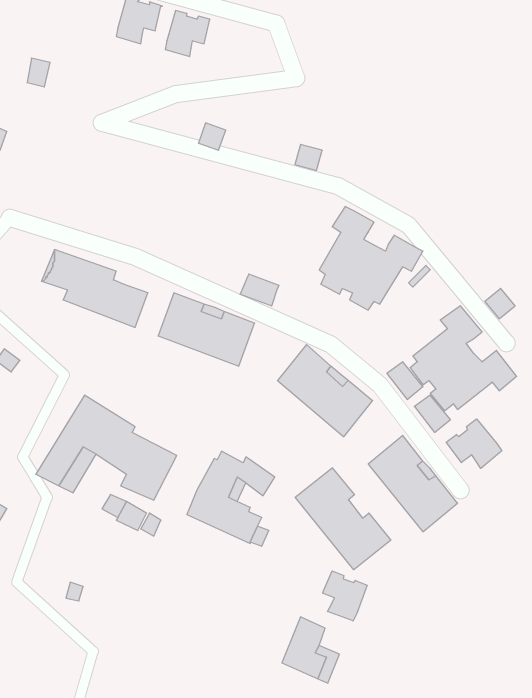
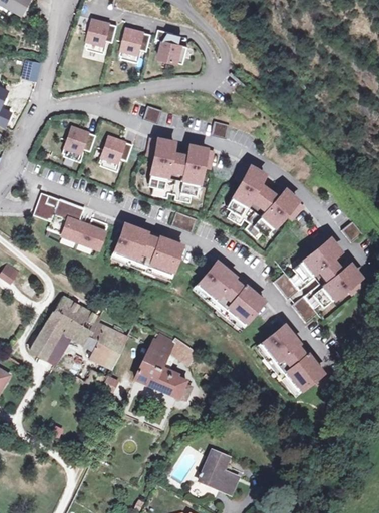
building: none -> [155,29,186,63]
building: none -> [62,126,95,158]
building: none -> [98,136,131,167]
building: none -> [147,138,214,202]
building: [446,419,502,468] -> none
building: [295,468,391,570] -> none
building: [323,571,367,621] -> none

